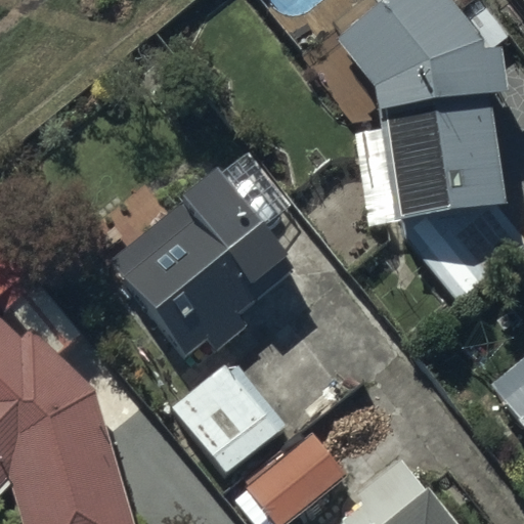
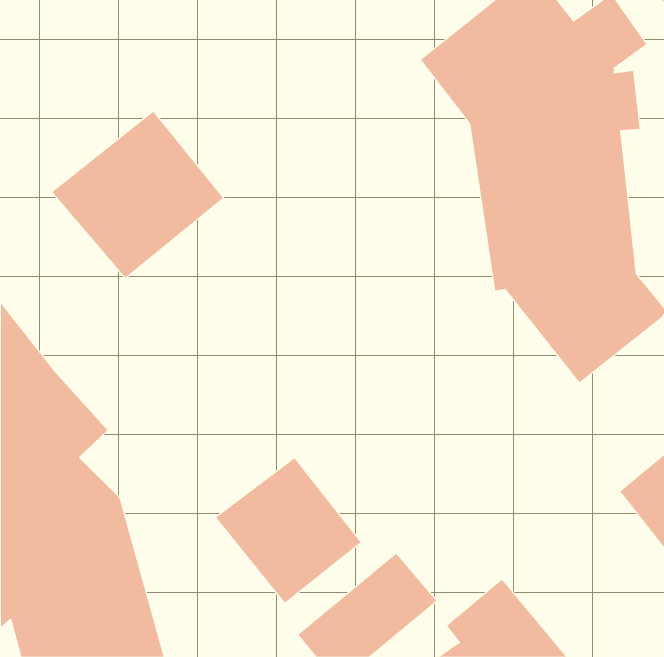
building: none -> [52,111,224,278]
building: [108,148,295,362] -> none

